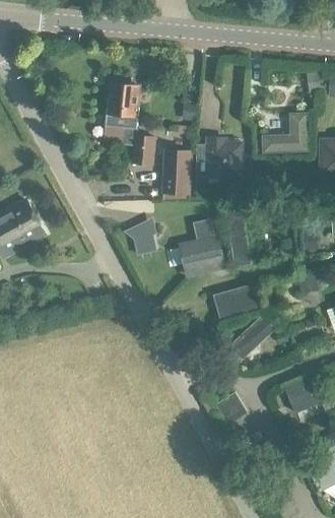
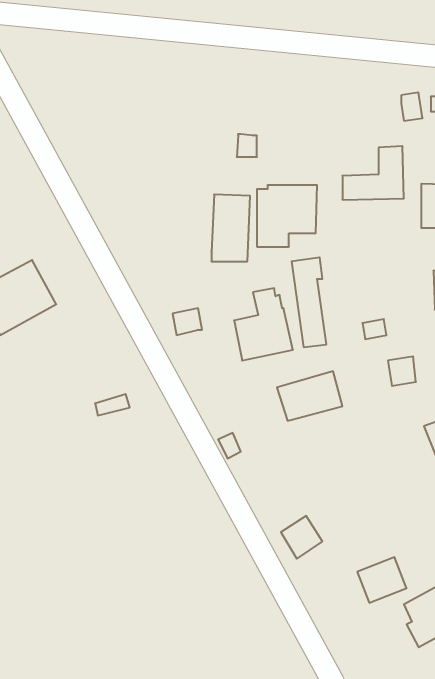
building: [107,81,155,165] -> none
building: [230,316,274,360] -> none
building: [284,377,322,411] -> [357,557,407,603]

